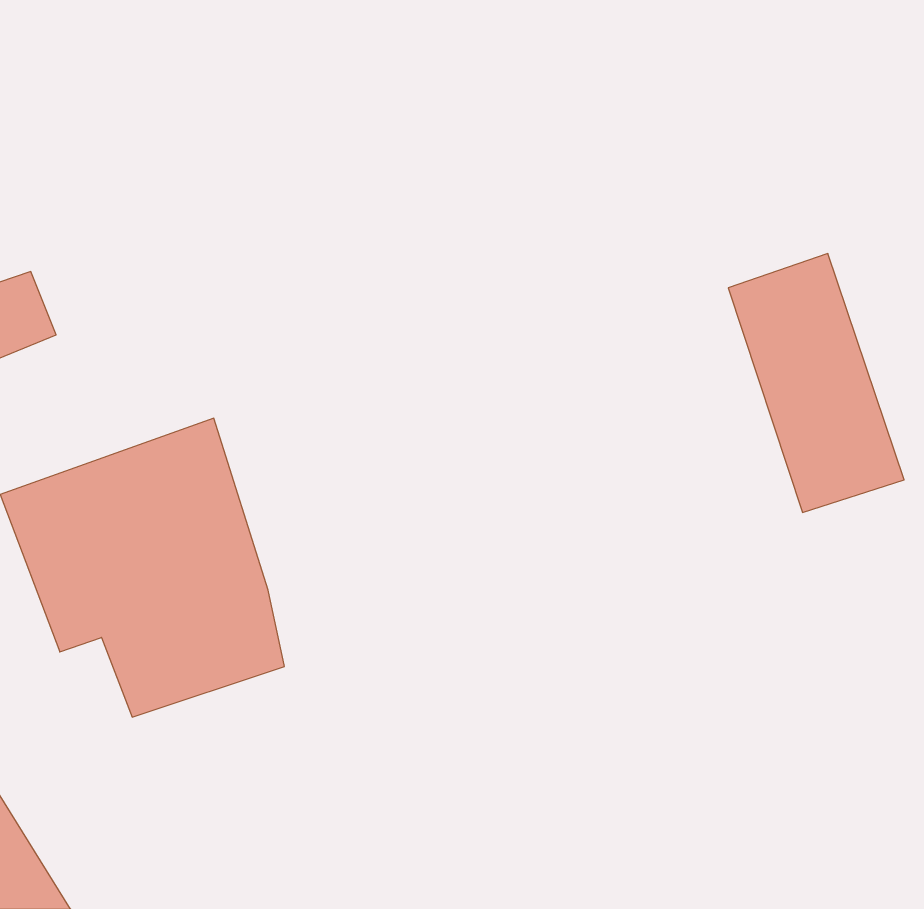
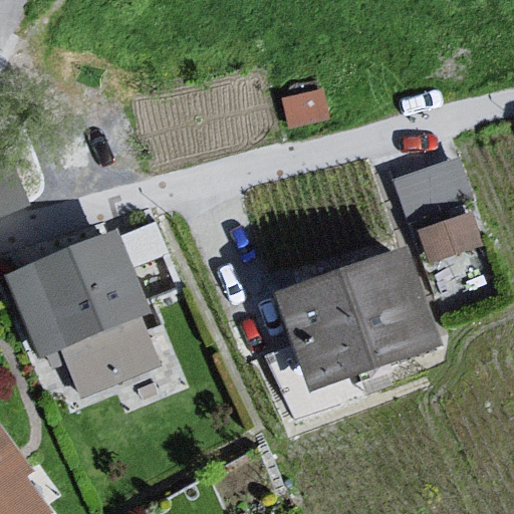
building: none -> [278,247,440,389]

